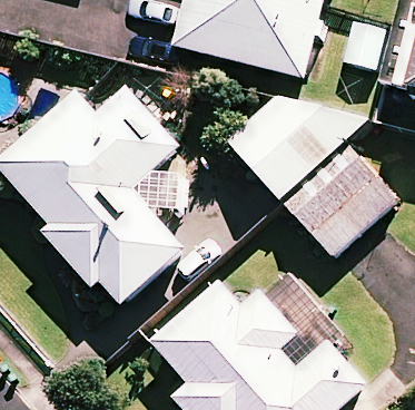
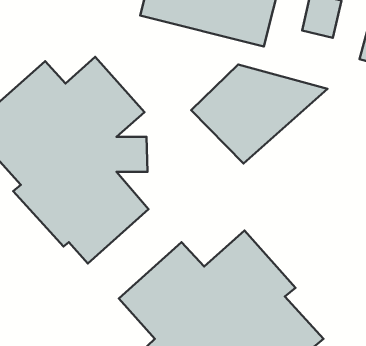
building: [284,145,394,254] -> none

